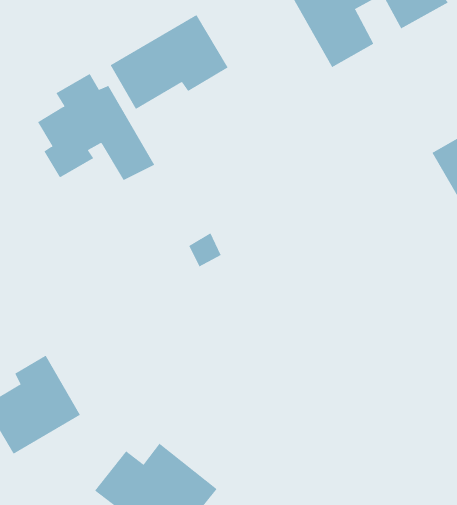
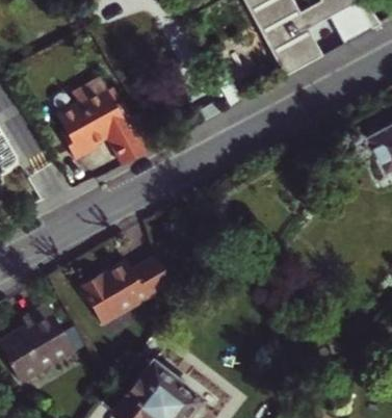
building: [110,14,229,110] -> none
building: none -> [80,259,173,328]

